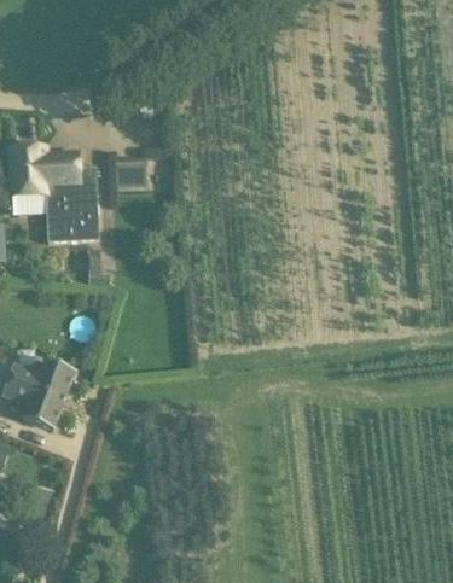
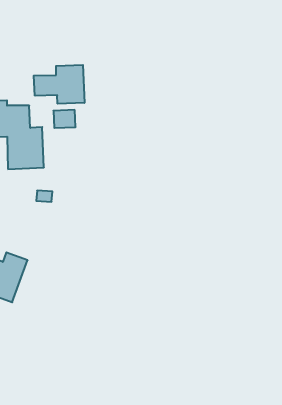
building: none -> [34,65,84,104]

